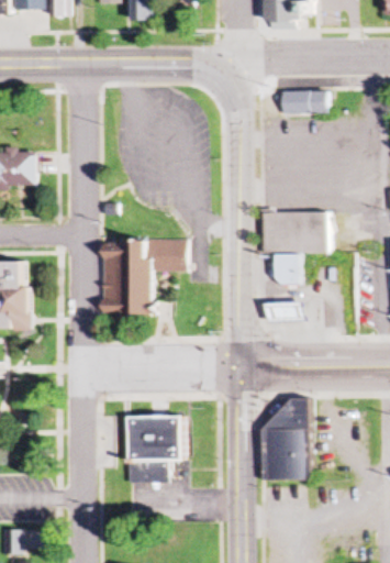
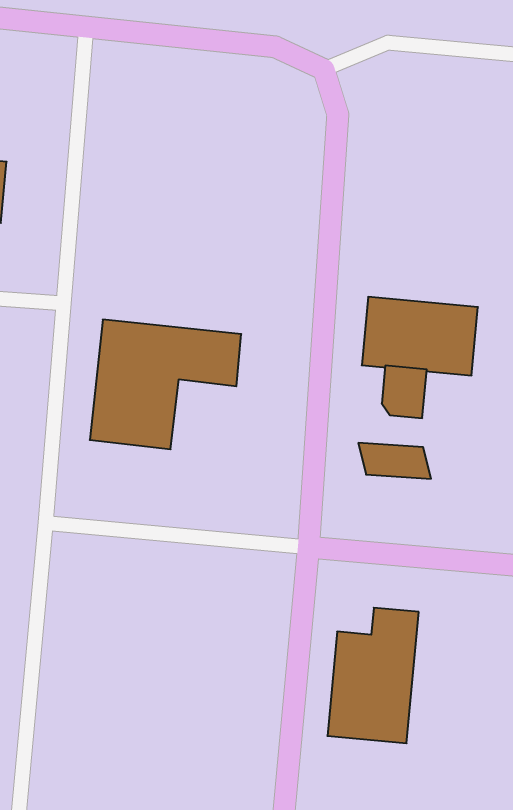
building: [282,90,328,114] -> none
building: [129,415,186,484] -> none

